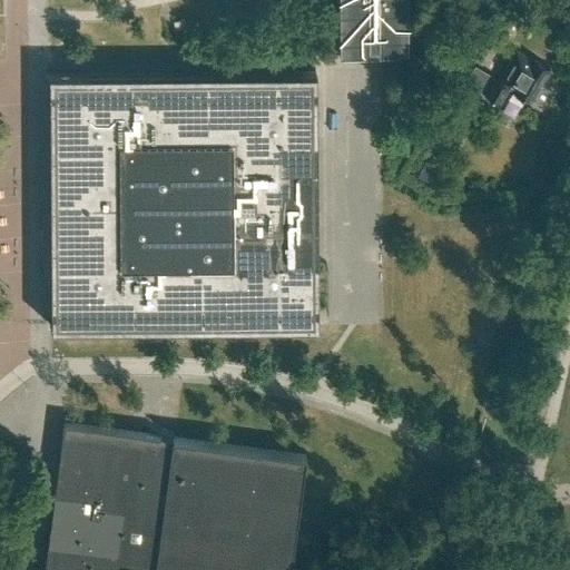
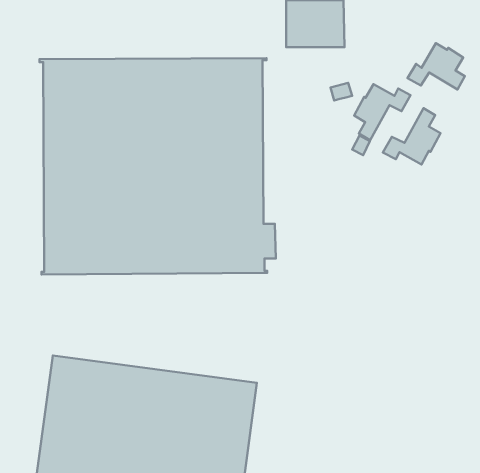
building: none -> [354,84,411,140]
building: none -> [383,108,441,164]

